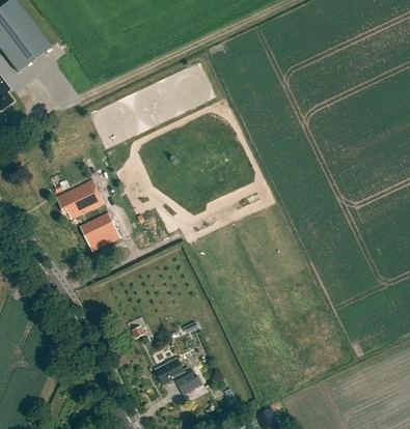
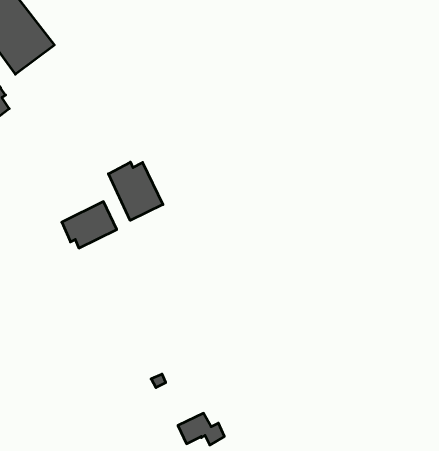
building: none -> [108,162,163,220]
building: [81,212,121,252] -> none

